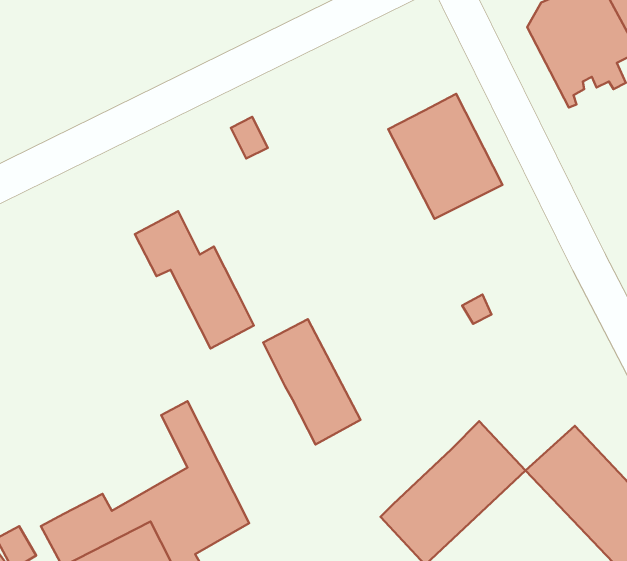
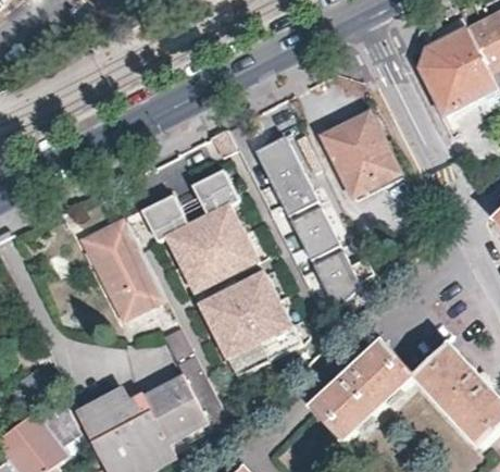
building: none -> [254,138,355,312]
building: none -> [188,167,254,273]
building: none -> [88,231,159,312]
building: none -> [198,285,266,372]

